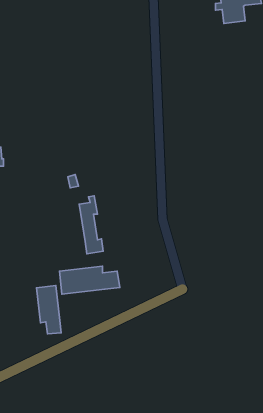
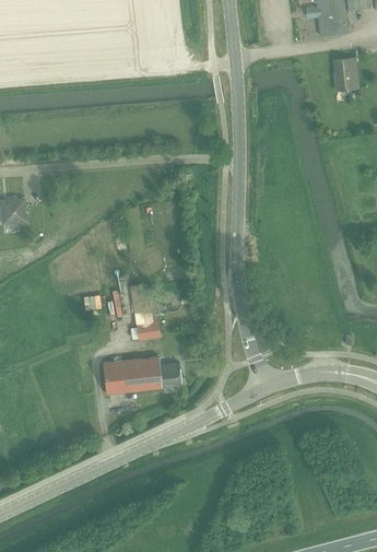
building: none -> [332,58,353,91]
building: [37,285,61,334] -> none

